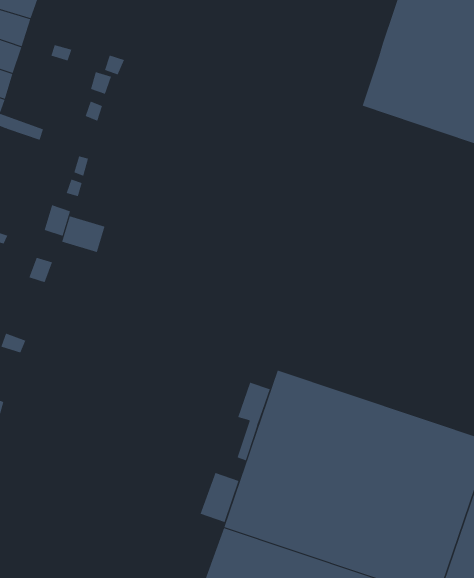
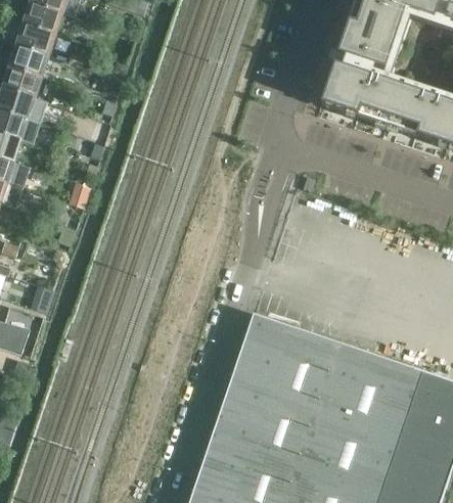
building: [61,215,105,253] -> none
building: [237,382,270,461] -> none
building: [200,472,239,523] -> none

